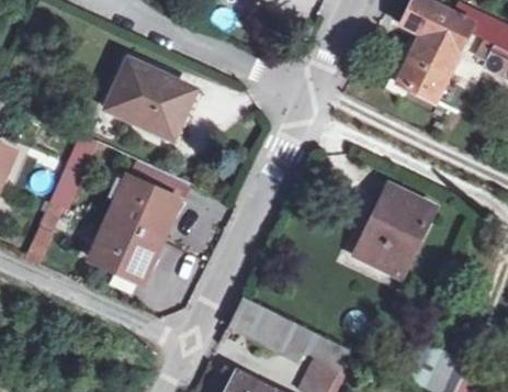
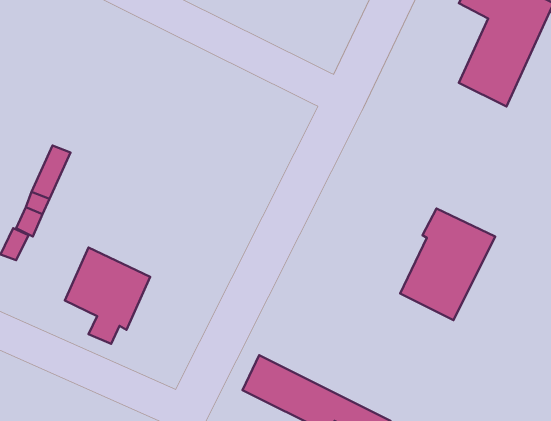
building: [100,56,187,134] -> none
building: [111,177,177,239] -> none

